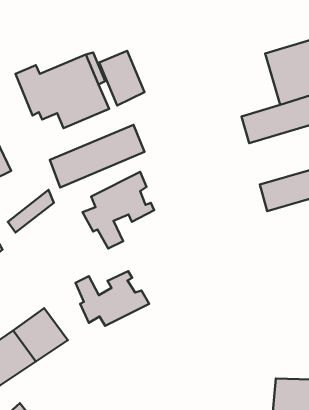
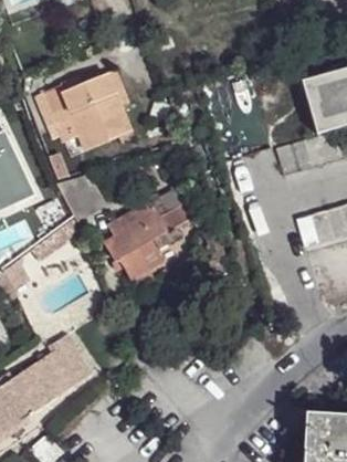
building: [99,51,145,106] -> none
building: [50,125,145,188] -> none
building: [75,271,149,326] -> none

